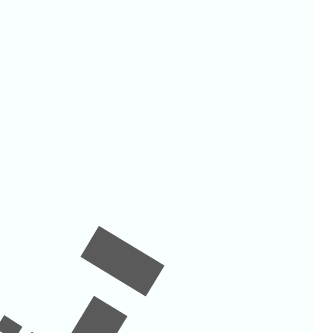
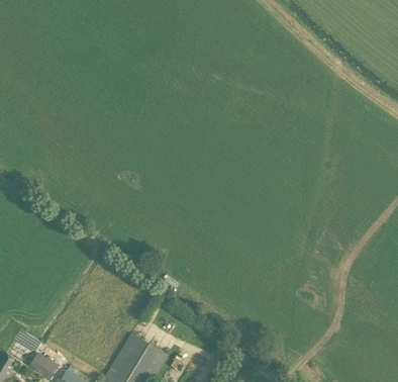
building: [79,225,165,298] -> none

